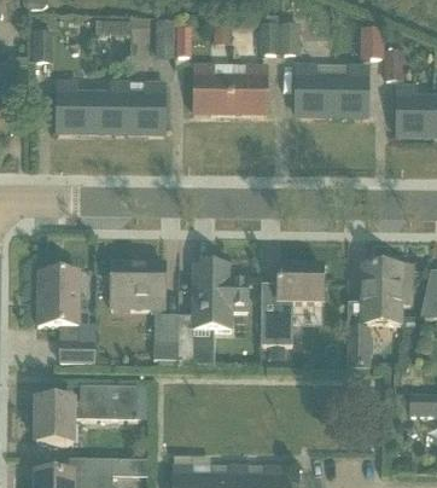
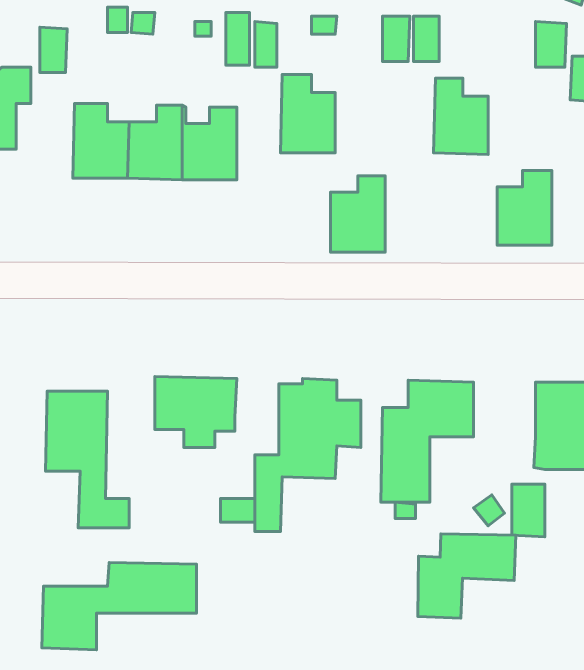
building: [229,62,266,112] -> [331,176,385,252]
building: [331,64,367,114] -> [497,171,552,245]
building: none -> [418,534,516,618]

